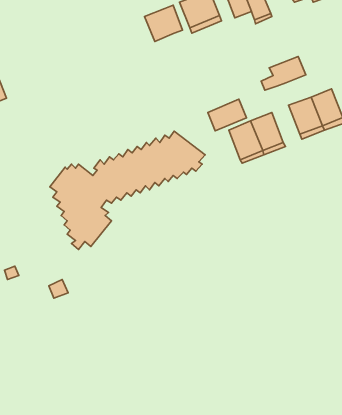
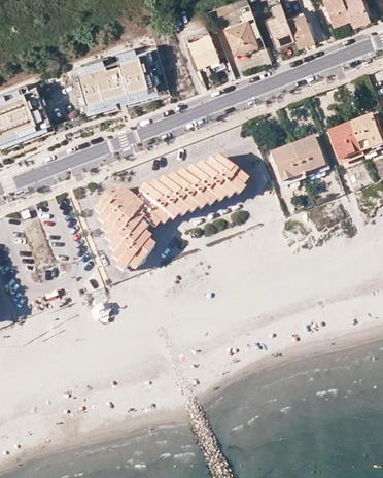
building: none -> [66,46,158,109]
building: [261,56,306,90] -> none
building: [208,99,247,131] -> none

